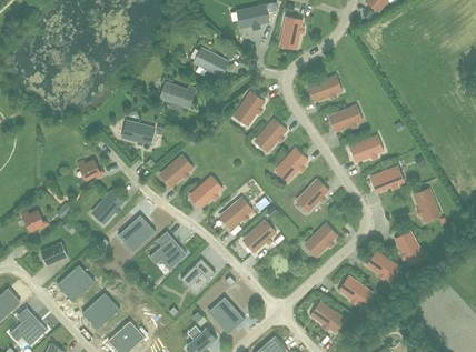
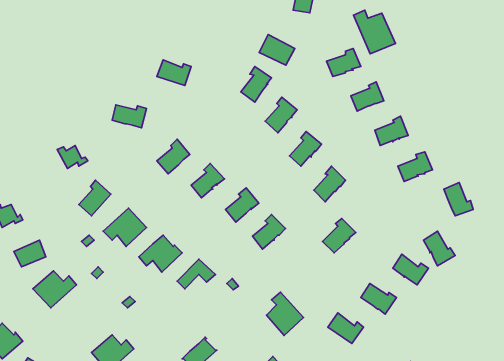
building: none -> [354,10,395,54]
building: [197,49,228,76] -> [259,34,295,65]
building: [81,296,119,329] -> none
building: [211,296,244,334] -> [266,292,303,336]

